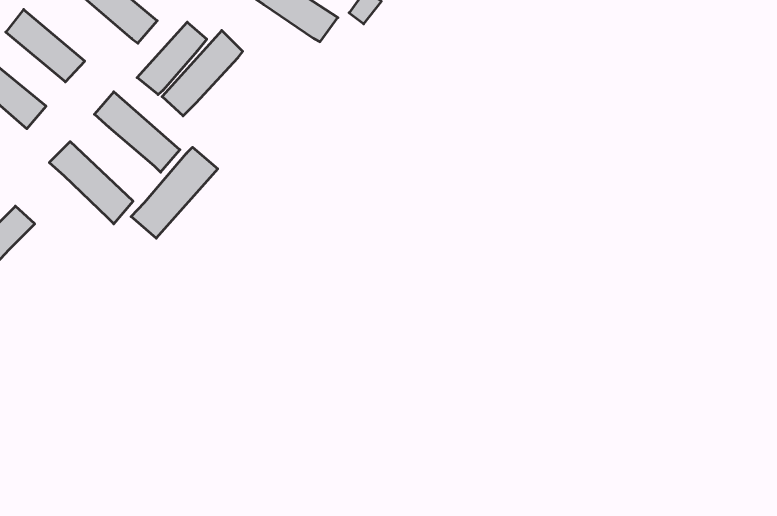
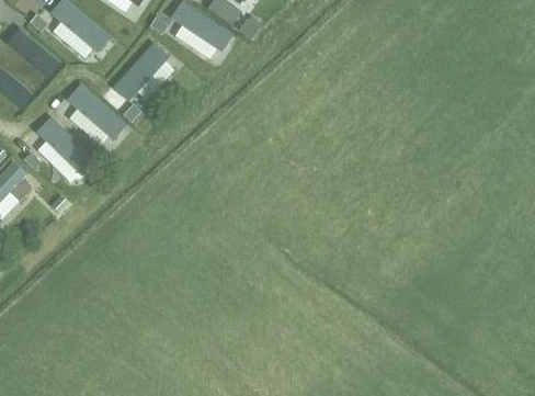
building: [137,22,207,95] -> none
building: [131,147,218,238] -> none

